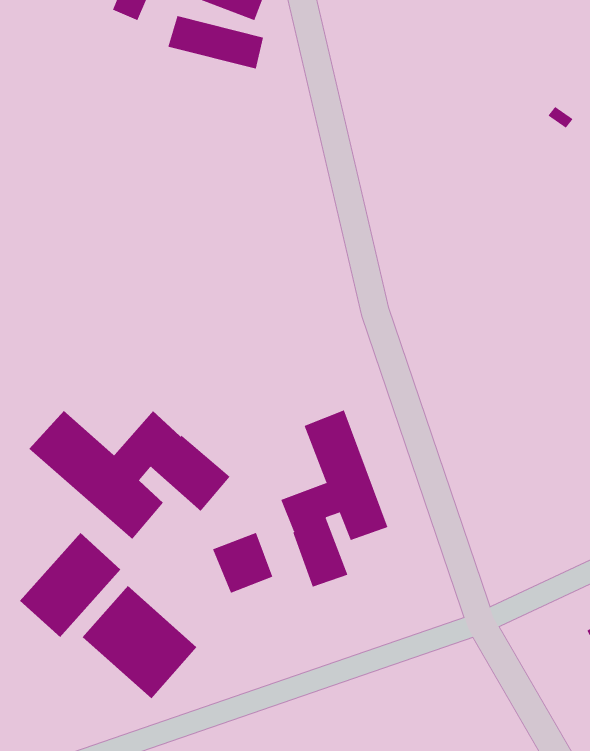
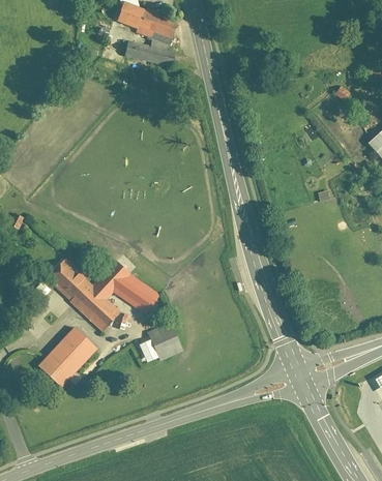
building: [280,410,388,588] -> none
building: [82,585,197,699] -> none

